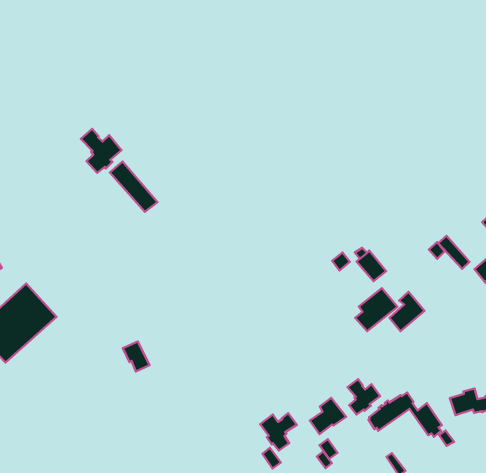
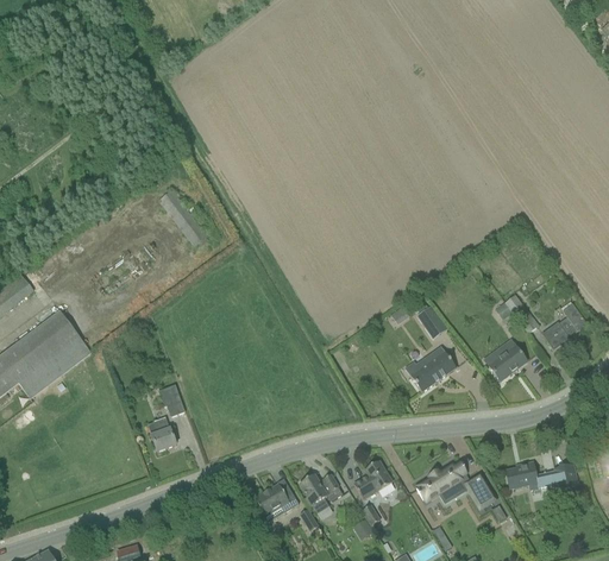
building: [81,129,122,173] -> none
building: [390,292,424,331] -> [489,339,527,380]
building: none -> [147,416,176,450]
building: [347,379,380,415] -> none
building: none -> [255,484,299,515]

